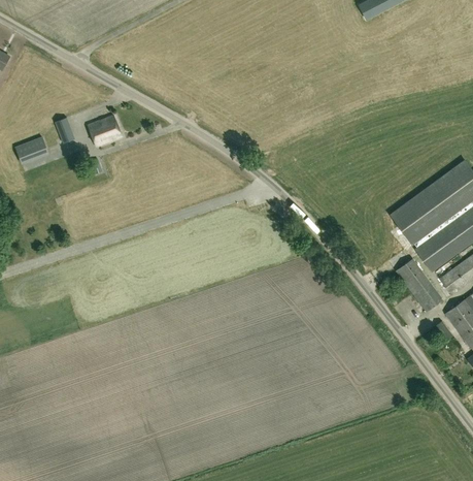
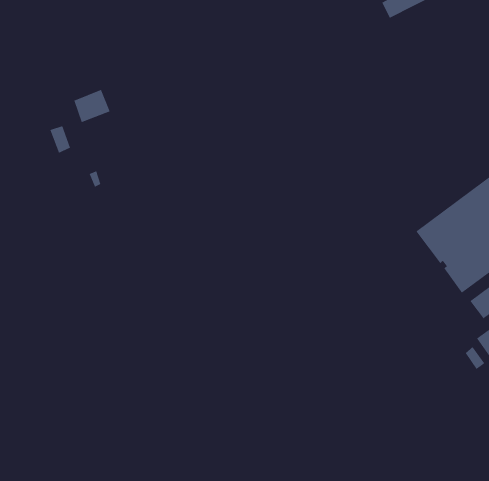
building: [89,116,123,147] -> [73,89,111,123]
building: [14,136,48,164] -> none
building: [396,258,442,312] -> none

